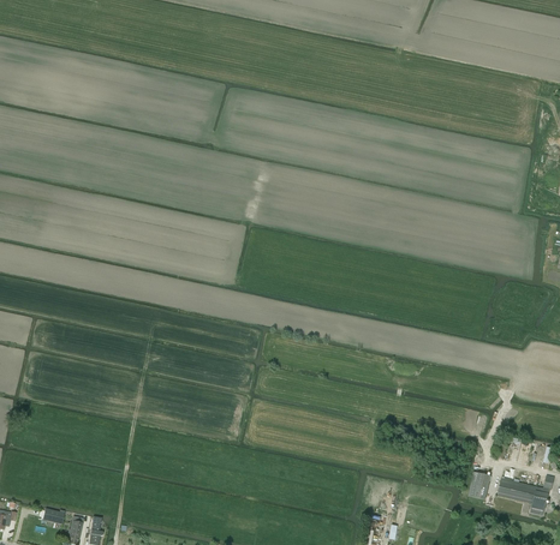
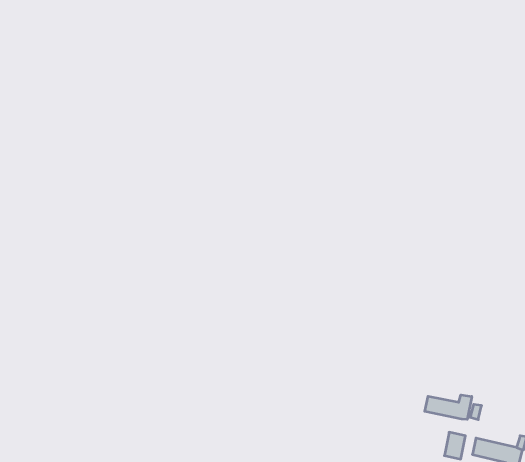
building: none -> [425,395,472,419]

